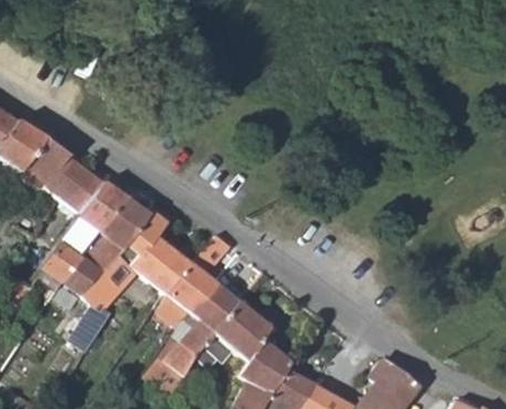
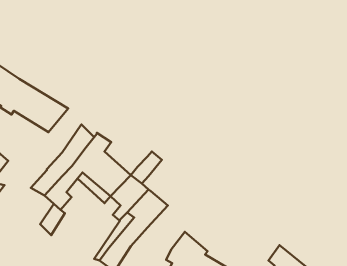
building: [83,180,130,237] -> none
building: [38,238,85,283] -> none
building: [215,306,268,363] -> none

